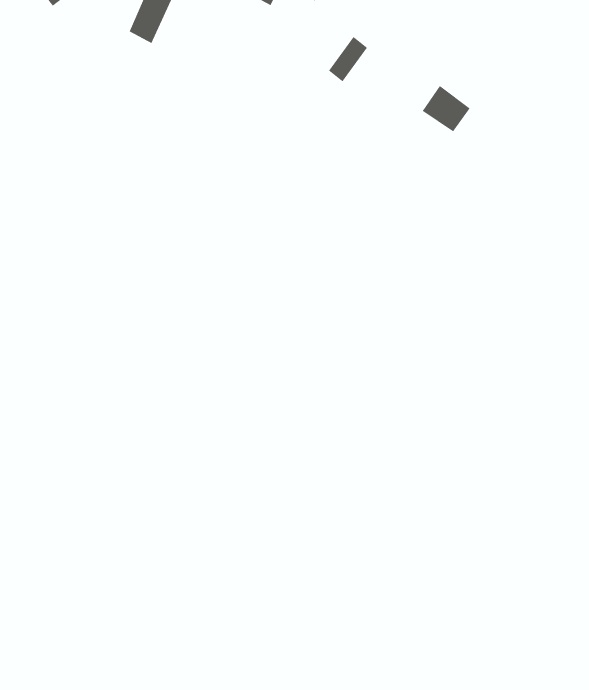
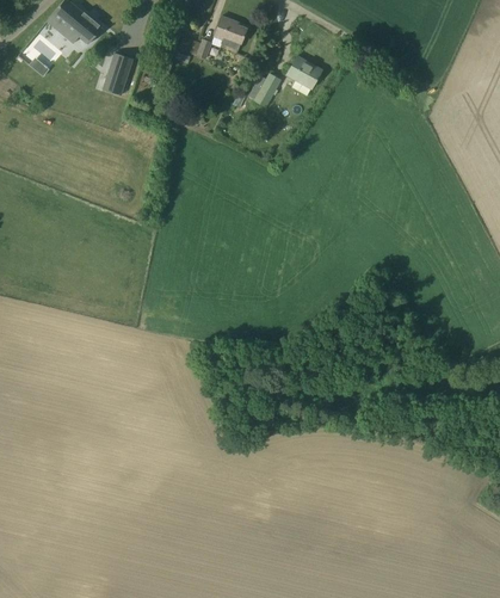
building: [422,85,471,132] -> [286,55,322,88]

